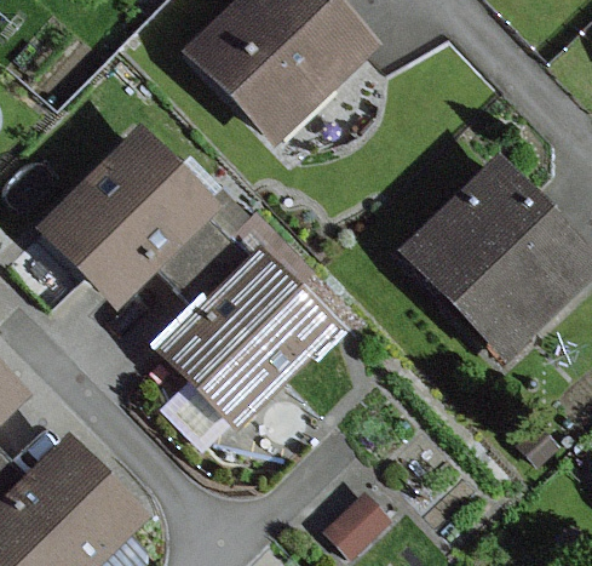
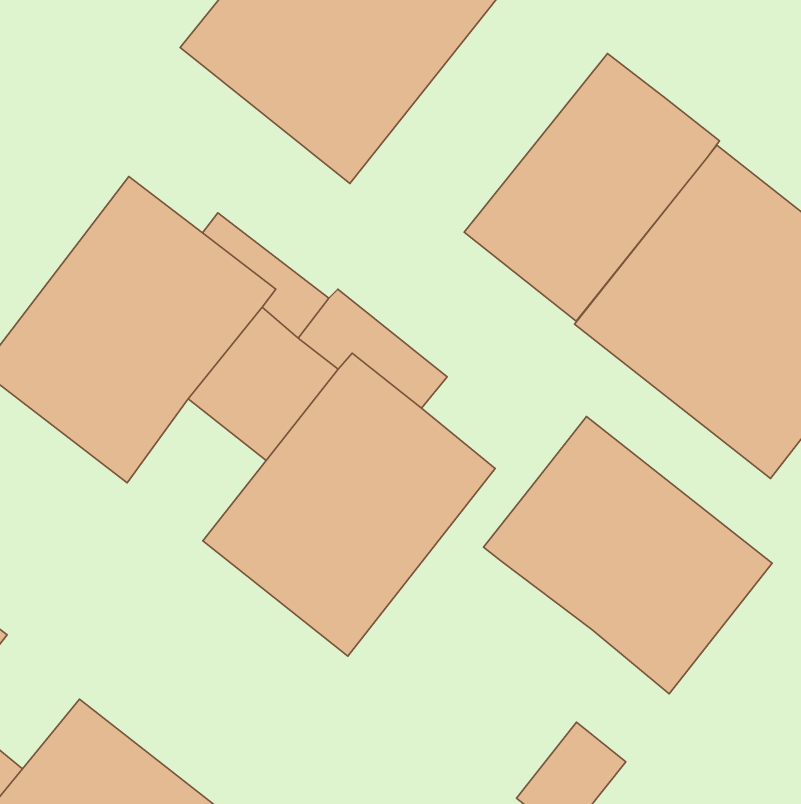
building: none -> [464,53,719,321]
building: none -> [484,417,772,694]

